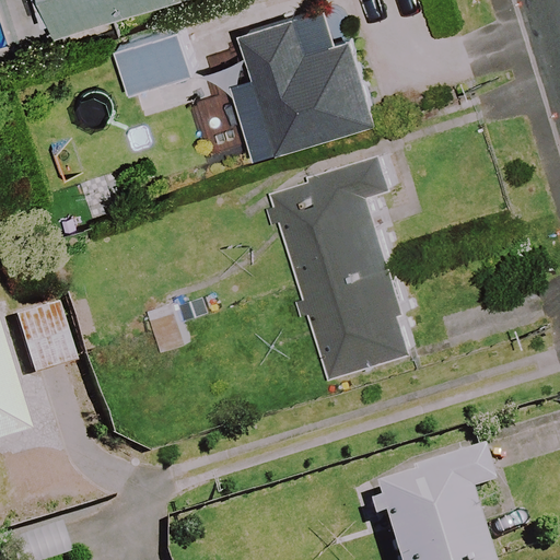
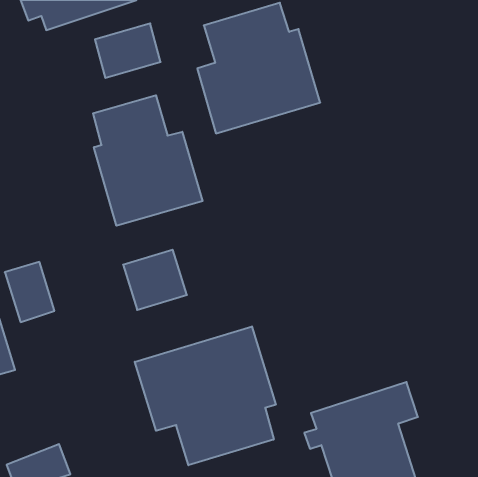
building: none -> [93,95,203,226]
building: [272,162,416,387] -> none
building: none -> [135,326,276,465]

